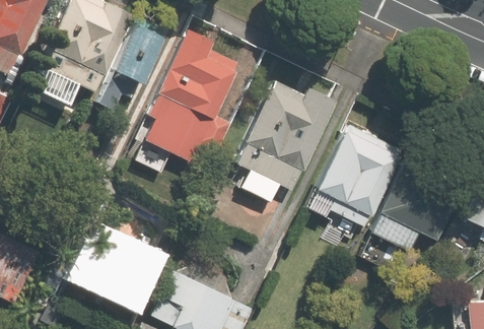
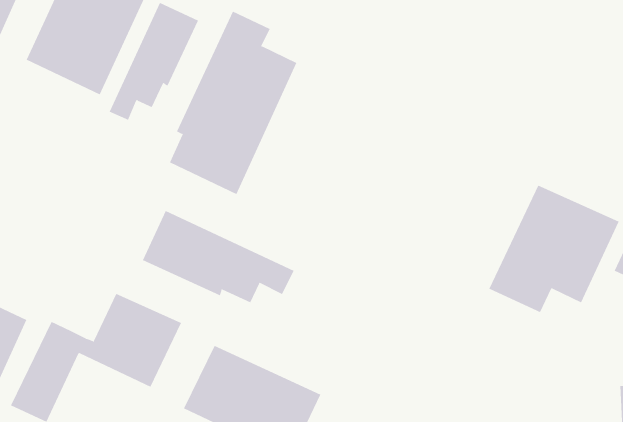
building: [237,83,333,196] -> none
building: [319,131,403,226] -> none
building: none -> [142,210,294,303]

